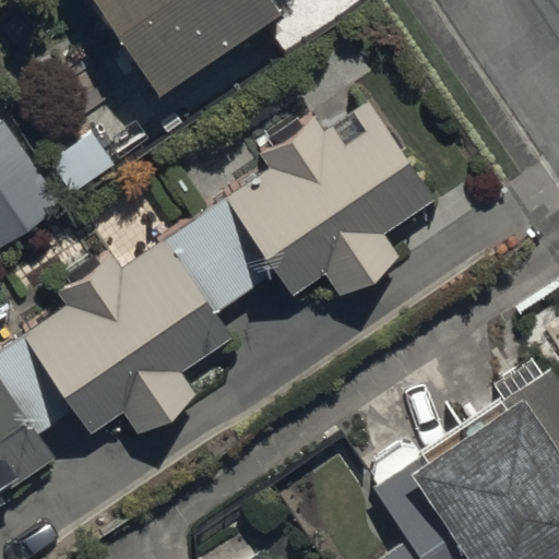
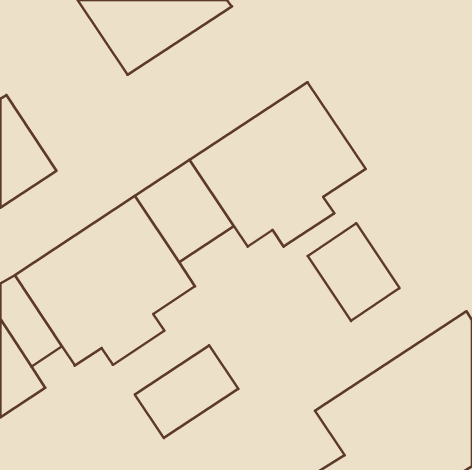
building: none -> [308,223,399,321]
building: none -> [135,345,238,438]

